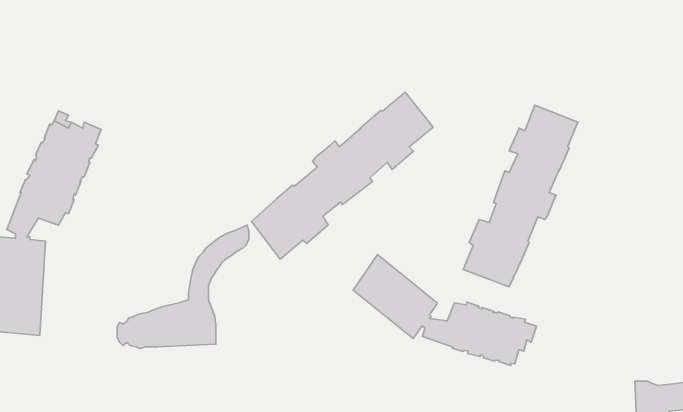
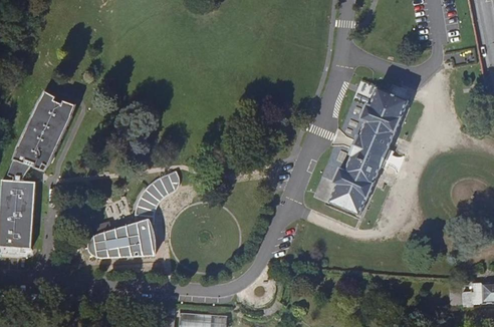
building: [251,92,433,259] -> none
building: [353,255,537,365] -> none

